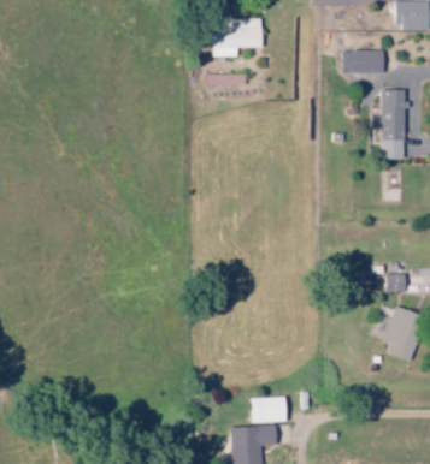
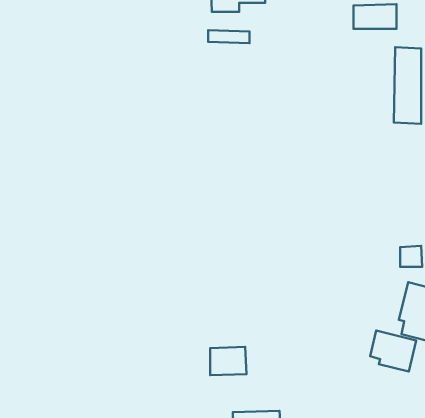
building: none -> [370,330,416,371]
building: [251,397,284,423] -> [210,347,247,375]

